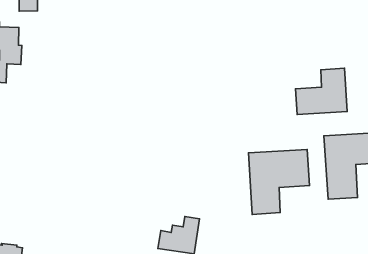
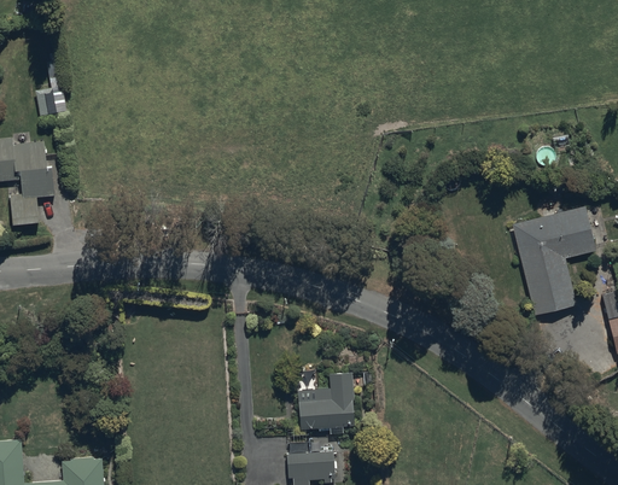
building: [296,68,347,114] -> none
building: [248,150,309,214] -> none

